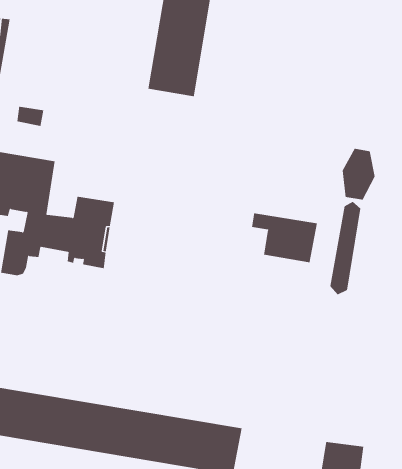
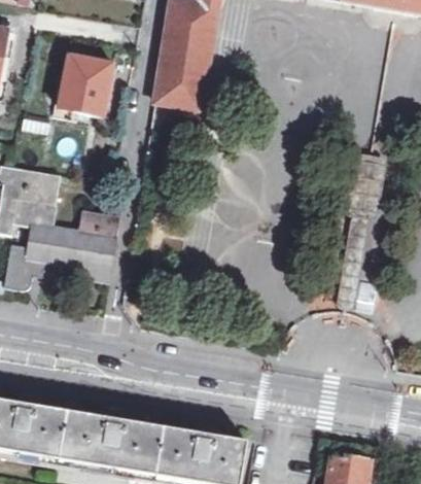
building: none -> [58,43,110,114]
building: [252,213,317,263] -> none

